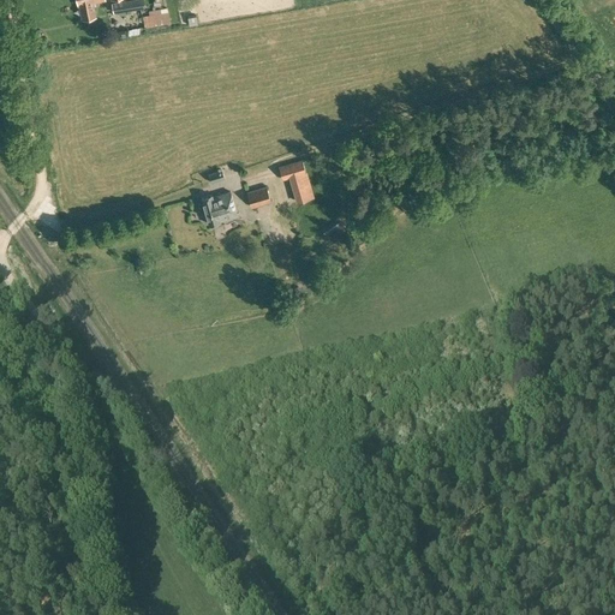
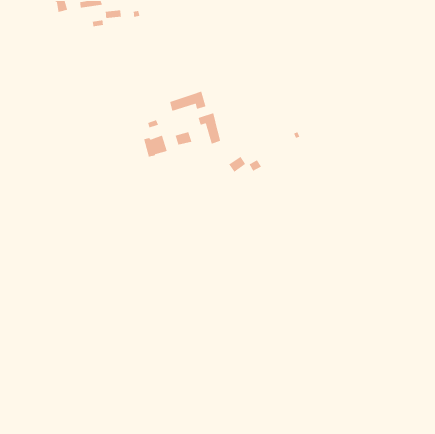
building: none -> [169,91,206,112]

